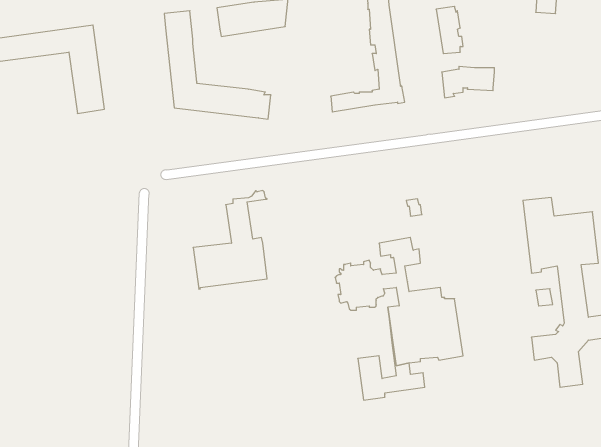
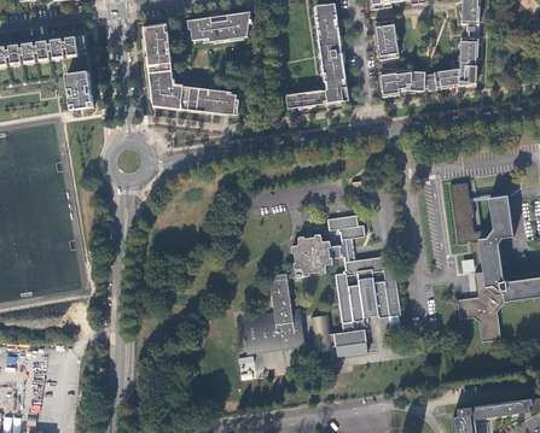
building: none -> [424,37,477,90]
building: [193,191,267,289] -> [240,269,303,352]

